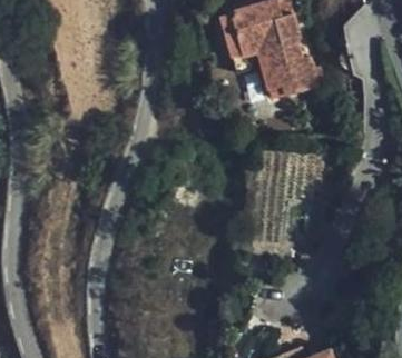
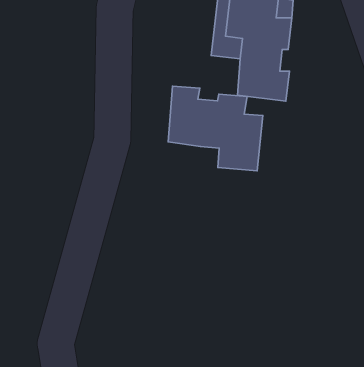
building: none -> [168,86,263,171]

